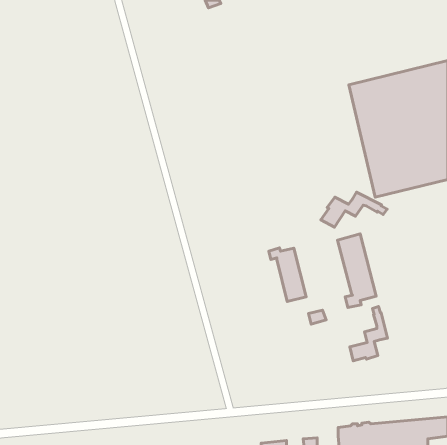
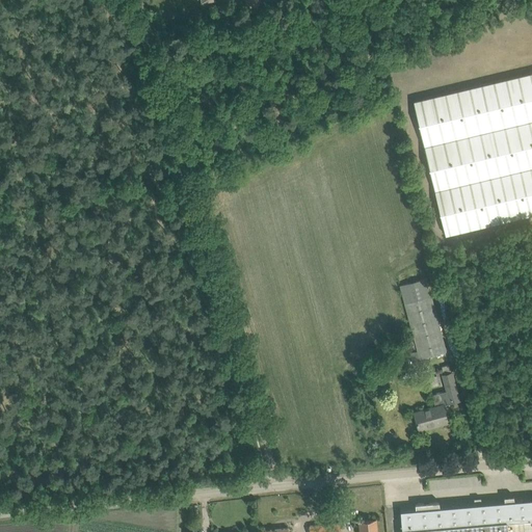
building: [321,192,387,227] -> none
building: [269,248,306,301] -> none

